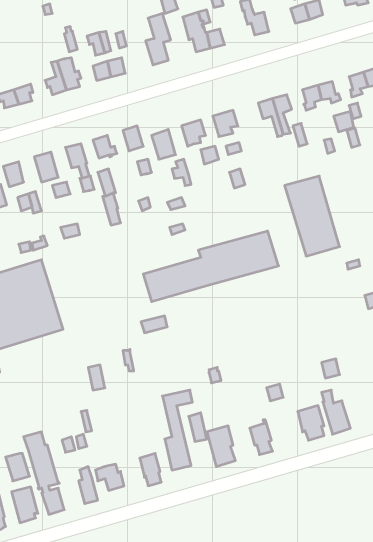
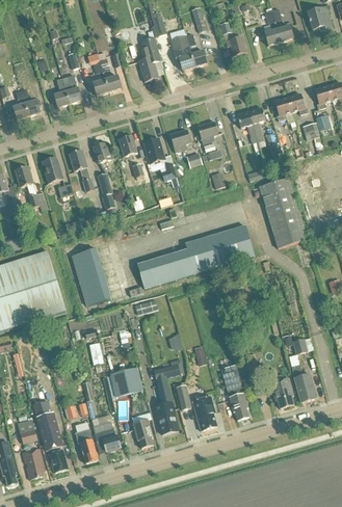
building: none -> [72,248,110,305]
building: none -> [221,364,242,394]
building: none -> [110,367,141,397]

